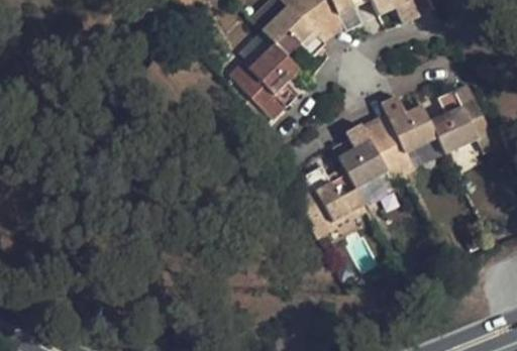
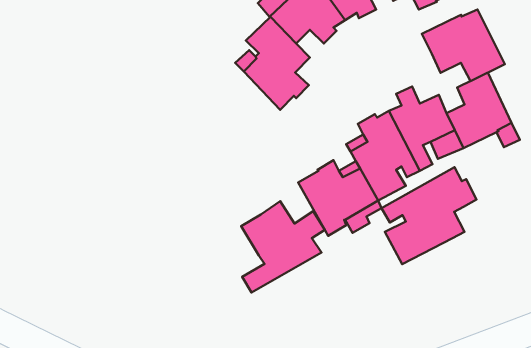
building: none -> [422,10,505,81]
building: none -> [381,167,476,264]
building: none -> [241,201,325,292]

